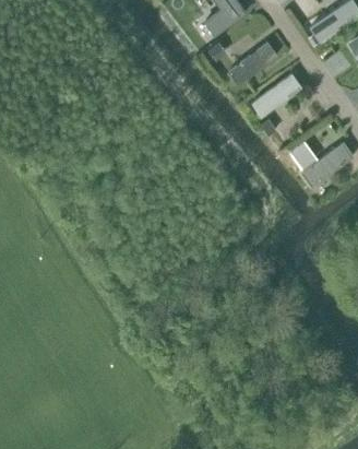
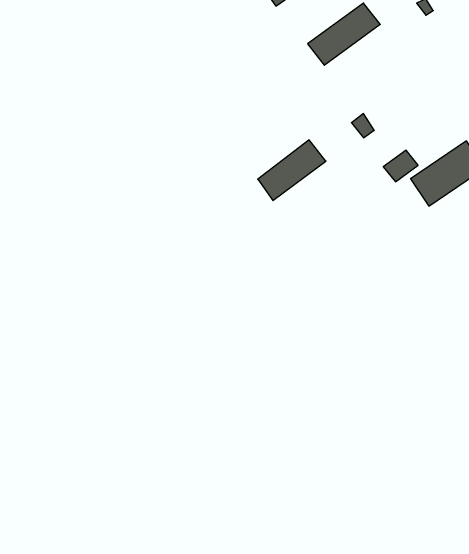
building: [254,71,303,115] -> [258,140,326,201]

